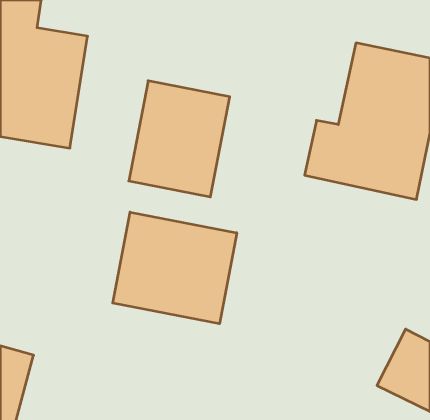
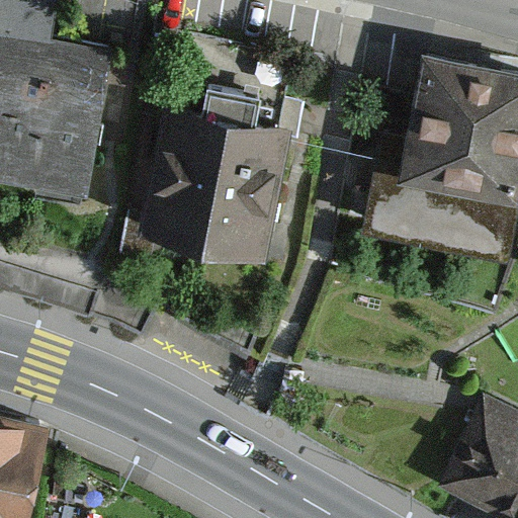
building: [113,212,237,324] -> none

